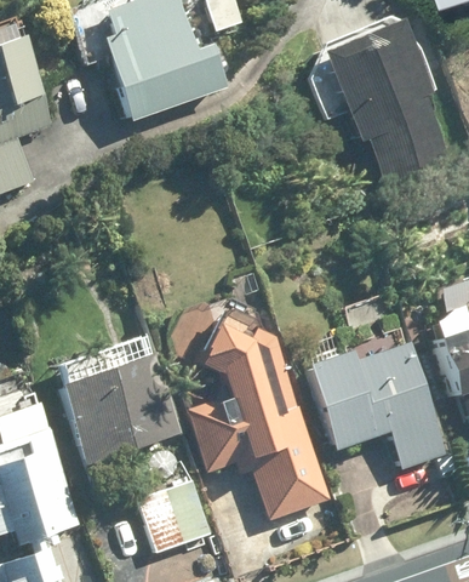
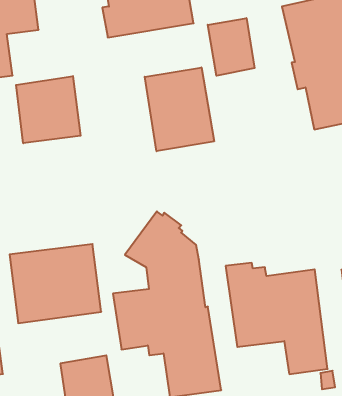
building: none -> [208,18,255,76]
building: none -> [145,67,214,151]
building: none -> [16,76,81,143]

